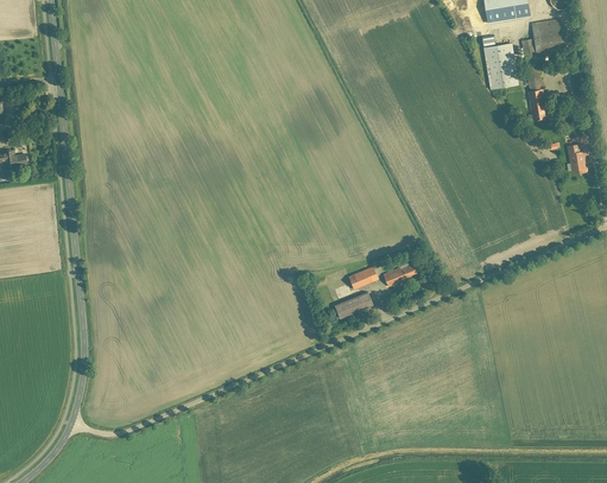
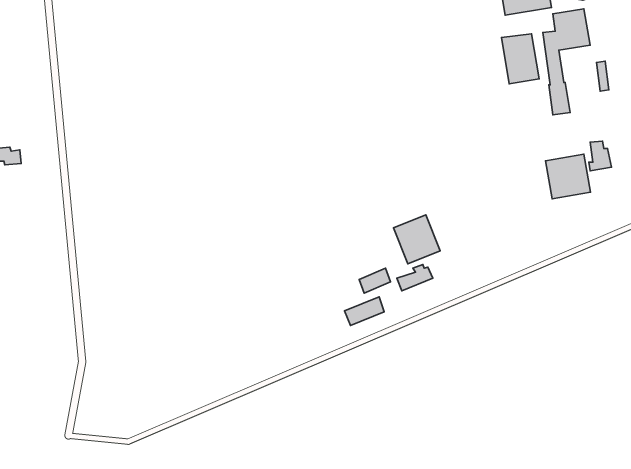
building: none -> [545,154,591,199]
building: none -> [393,215,440,264]

